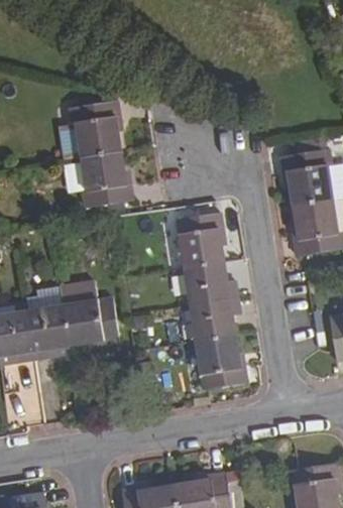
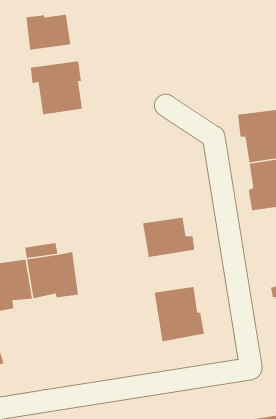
building: none -> [26,14,71,51]
building: [79,151,131,209] -> none
building: [175,213,224,268] -> none
building: [188,296,239,340] -> none

